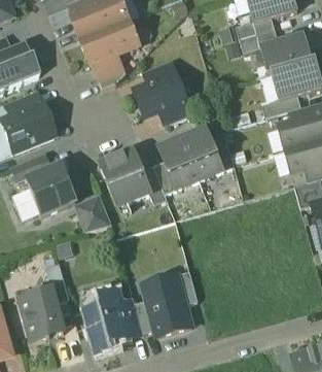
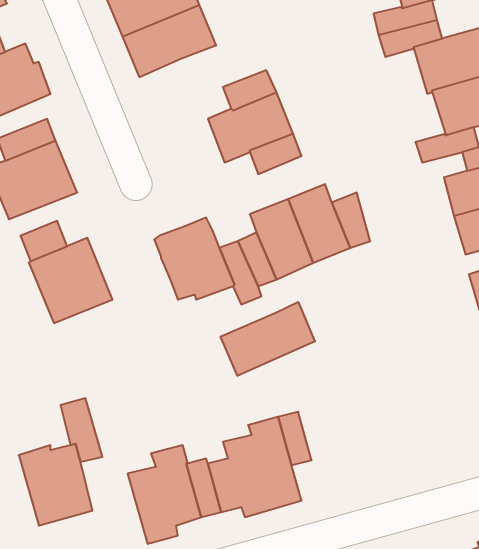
building: [93,53,126,87] -> none
building: [75,195,111,231] -> none
building: none -> [221,302,315,376]

